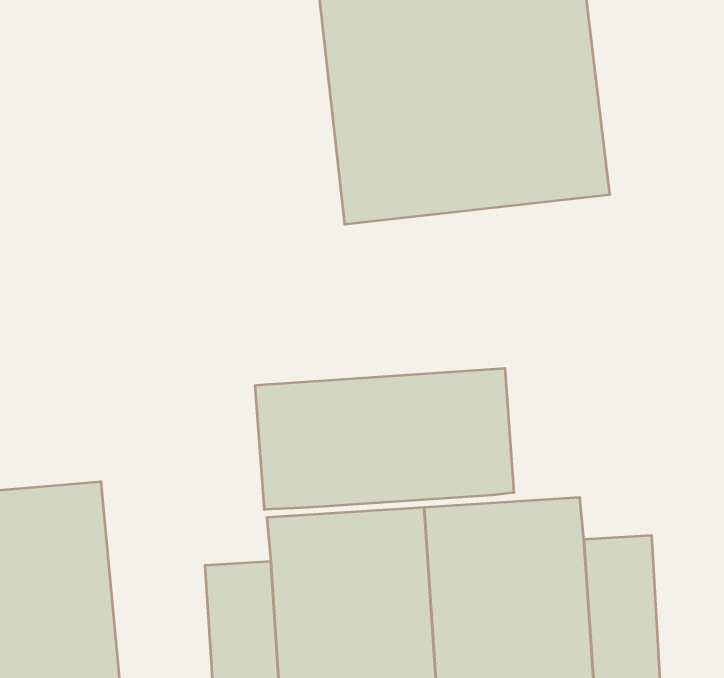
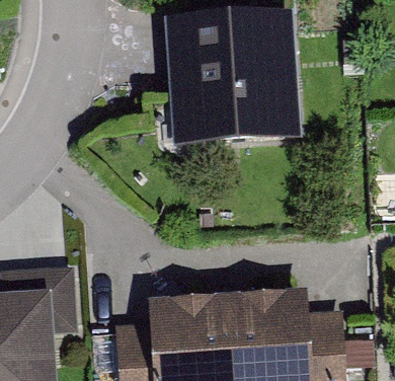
building: [255,368,514,510] -> none

